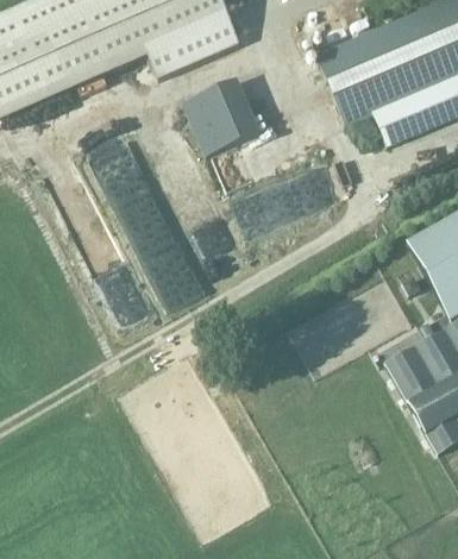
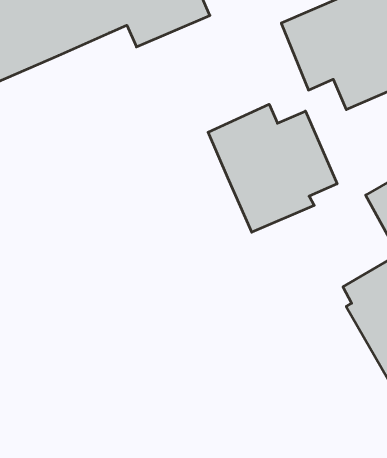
building: [182,78,261,157] -> none
building: none -> [208,104,337,232]

